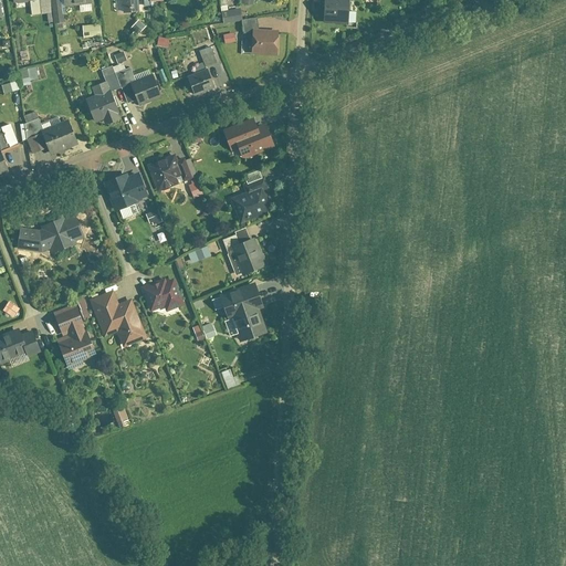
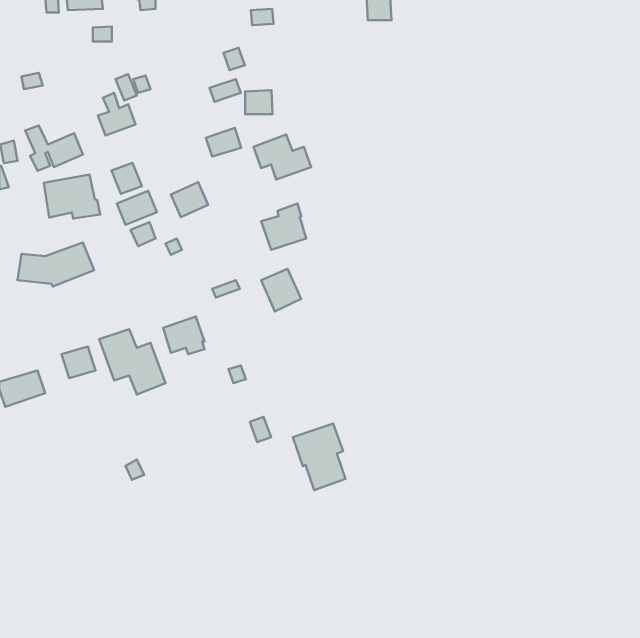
building: [252,32,276,53] -> [245,90,273,114]
building: [130,75,161,101] -> [206,128,241,157]
building: none -> [112,163,142,194]
building: none -> [44,174,100,218]
building: [221,283,268,342] -> [293,423,346,490]
building: [60,332,96,364] -> none

